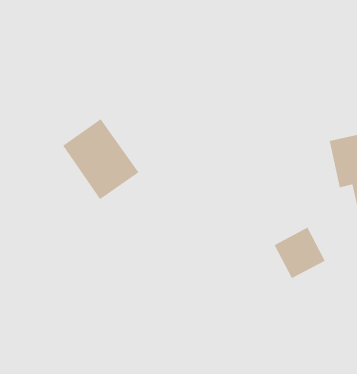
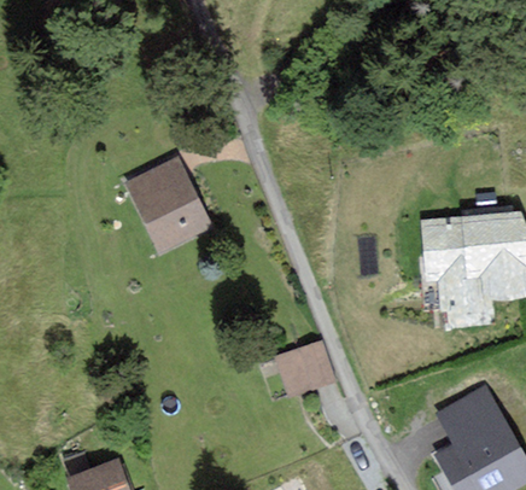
building: [273,227,326,279] -> [276,340,332,396]

